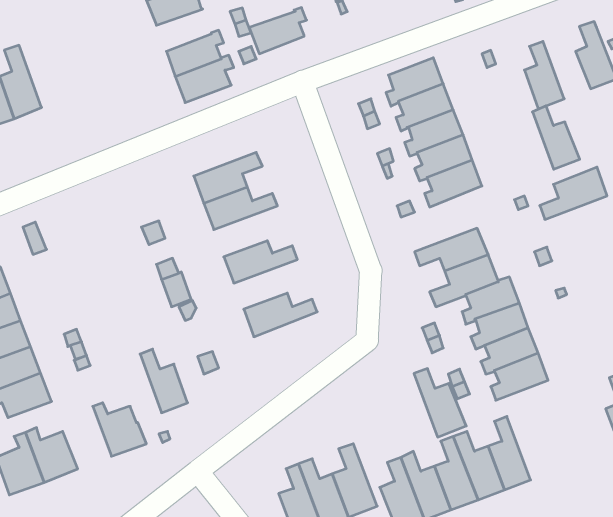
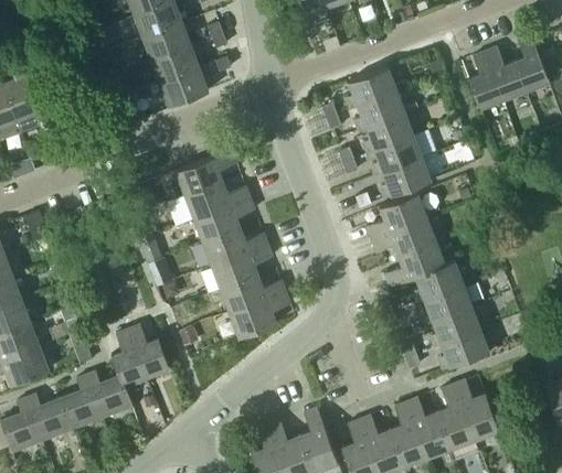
building: [249,8,307,54] -> [142,20,193,61]
building: [532,106,580,169] -> [485,46,527,103]
building: [540,167,607,219] -> [367,192,426,238]
building: none -> [193,197,254,243]
building: none -> [211,245,272,289]
building: none -> [229,291,289,337]
building: none -> [110,329,147,389]
building: [414,369,466,437] -> [453,379,499,440]
building: none -> [60,375,103,430]

